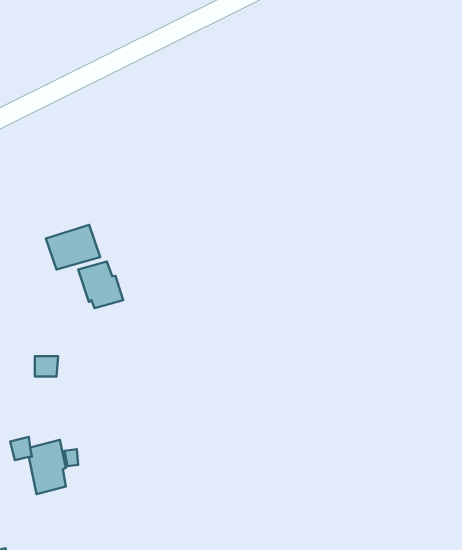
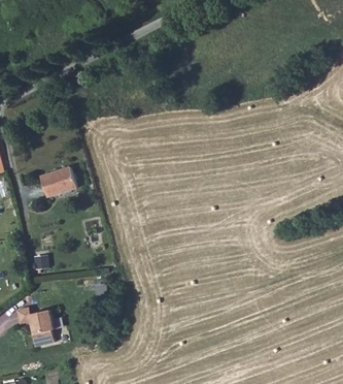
building: [78,262,123,308] -> none

